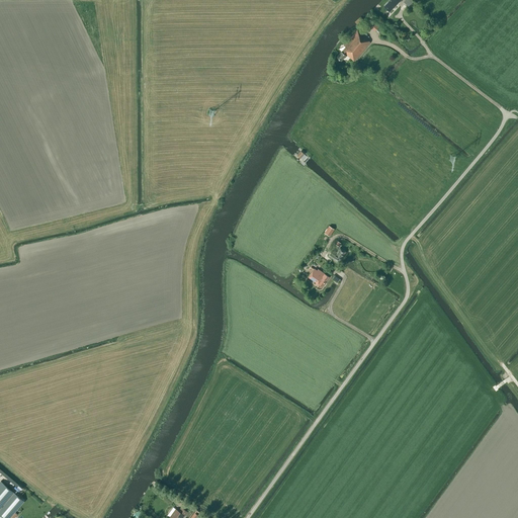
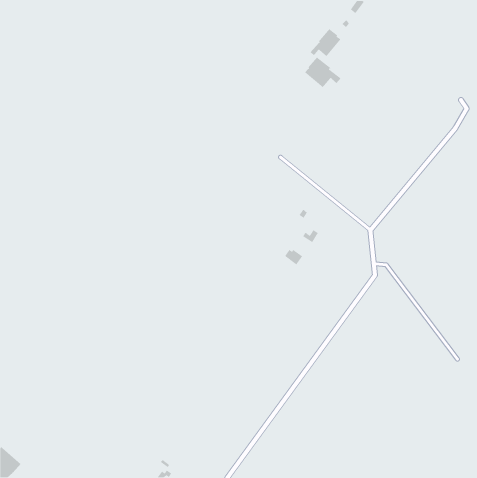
building: none -> [304,56,341,88]

